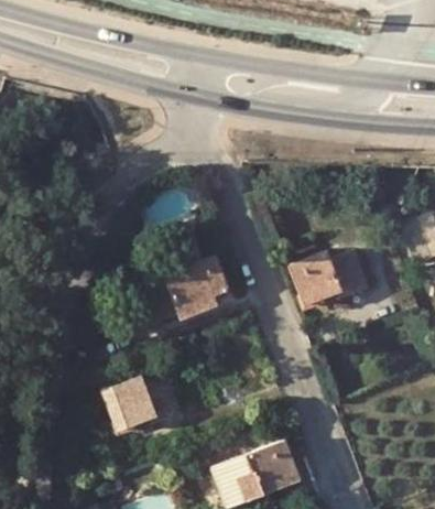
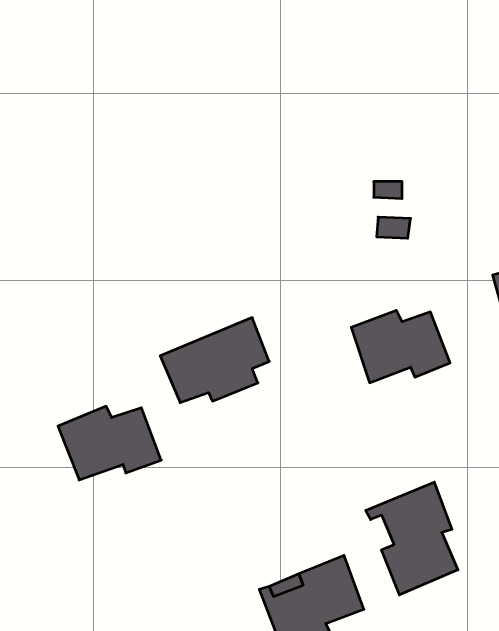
building: [102,376,183,433] -> [58,406,161,480]
building: none -> [366,482,458,595]

